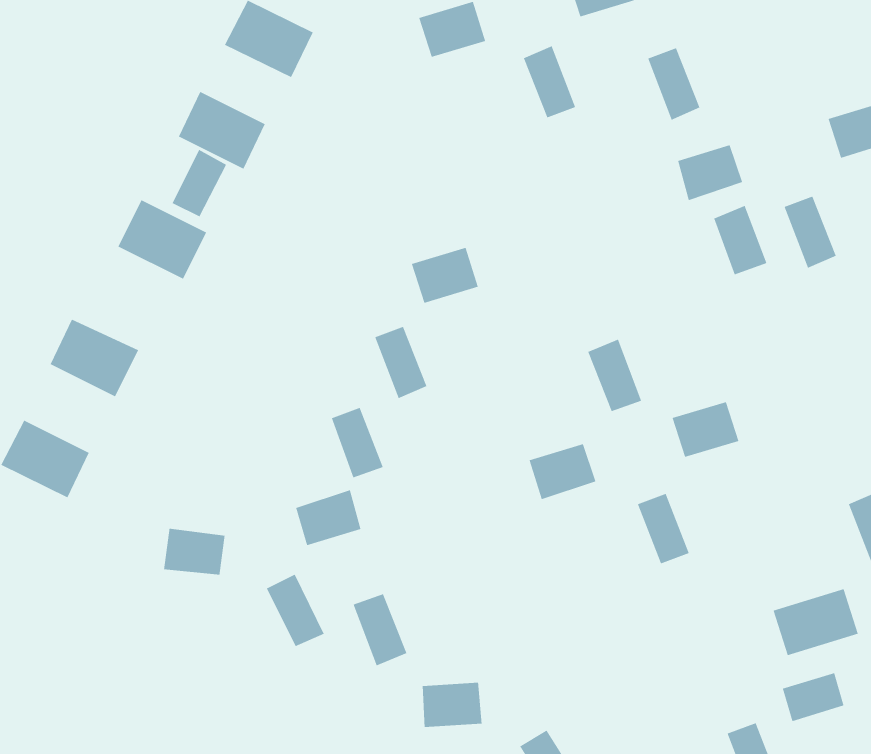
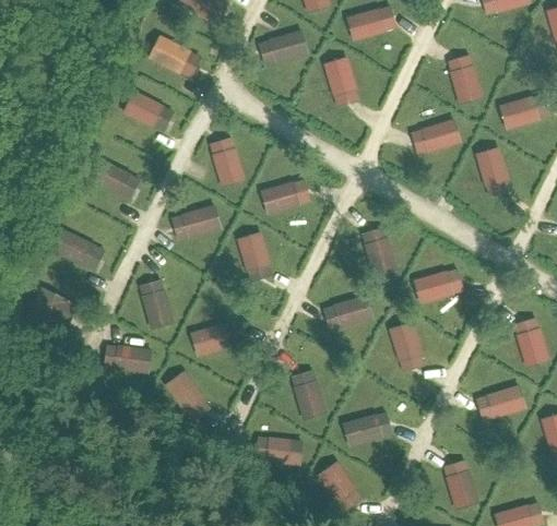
building: [647,47,700,121] -> [451,57,483,100]
building: [171,149,227,217] -> none
building: none -> [214,142,246,186]
building: [713,205,767,275] -> none
building: none -> [181,205,222,239]
building: [331,407,384,478] -> [143,288,175,331]
building: [352,593,407,666] -> [296,378,329,421]
building: none -> [344,416,383,450]
building: [782,672,844,722] -> none

